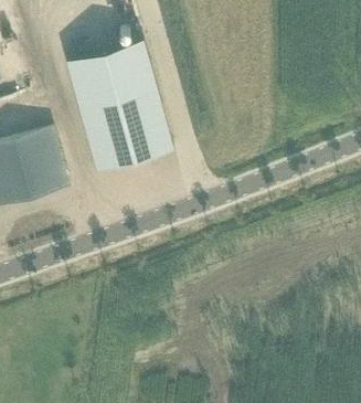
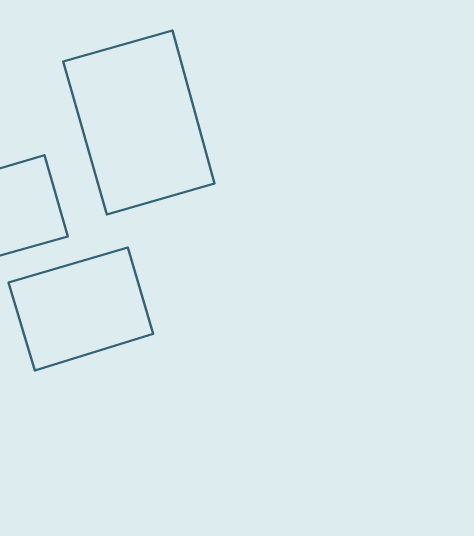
building: none -> [8,247,153,370]

